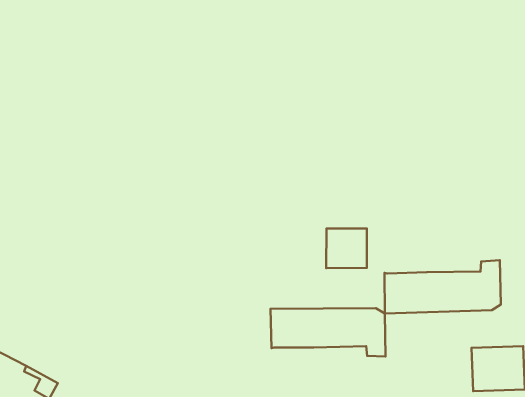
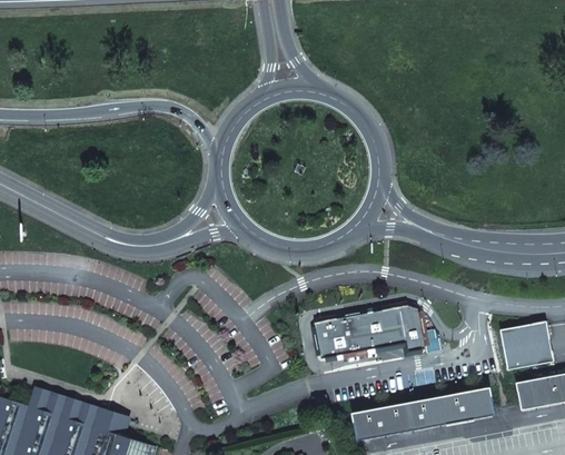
building: [326,228,367,268] -> none
building: [385,260,501,313] -> none

